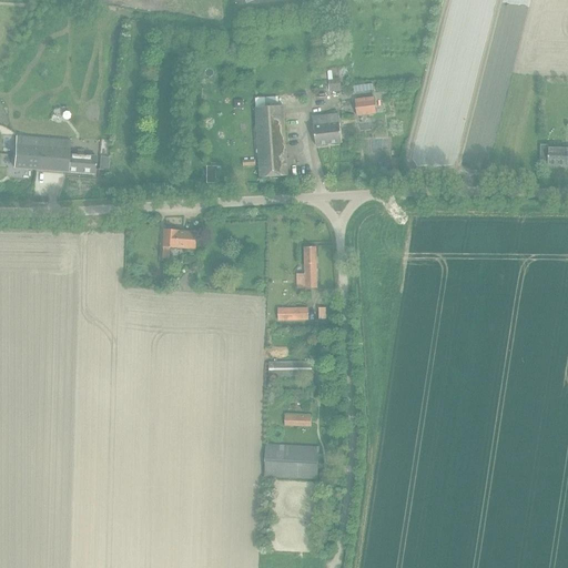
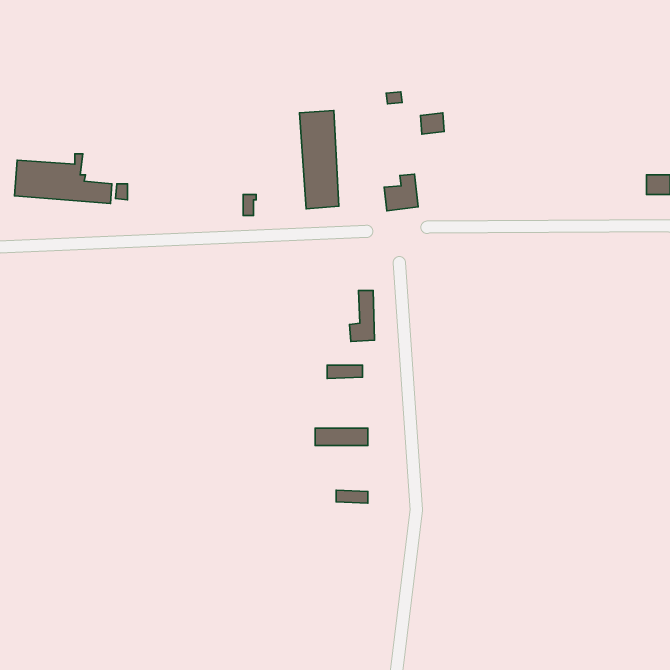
building: [312,113,341,144] -> [384,174,418,211]
building: [161,227,196,257] -> none
building: [262,444,316,477] -> none

